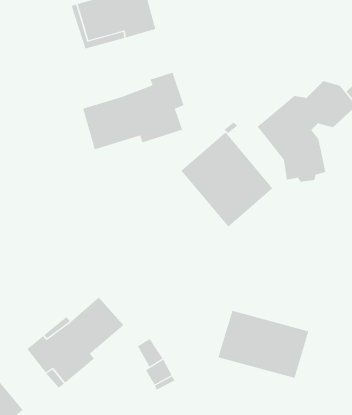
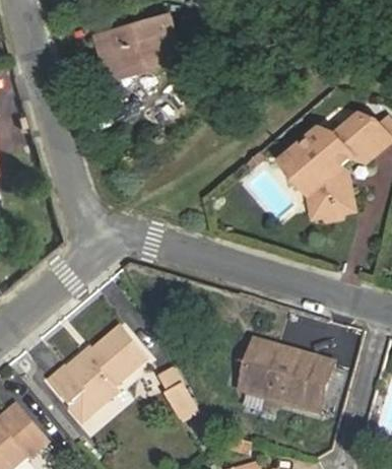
building: [83,72,184,150] -> none
building: [181,132,273,228] -> none

